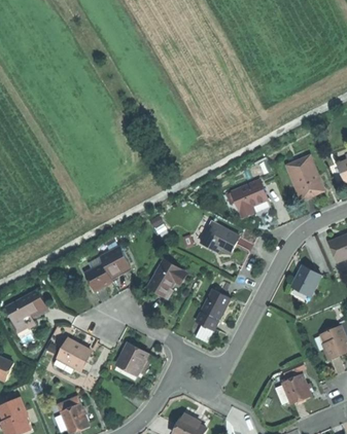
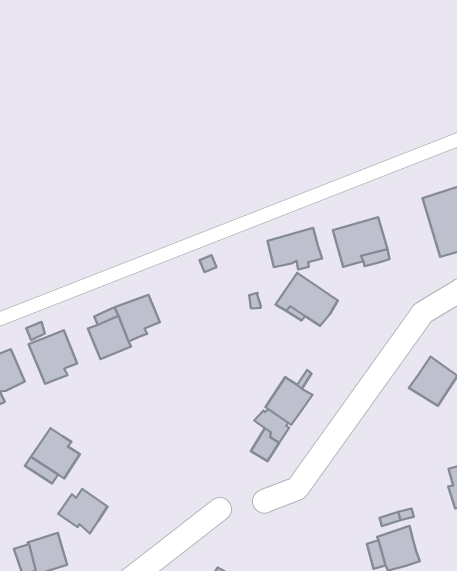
building: none -> [268,228,322,269]
building: [148,259,187,297] -> none
building: none -> [29,330,77,384]
building: [117,343,148,371] -> [58,489,108,534]

